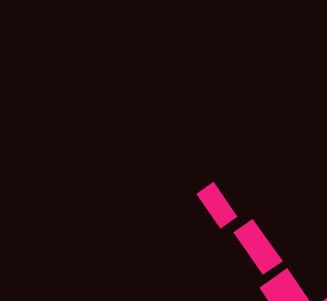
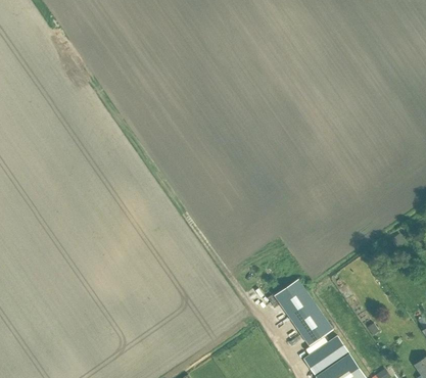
building: [195,180,238,230] -> none

